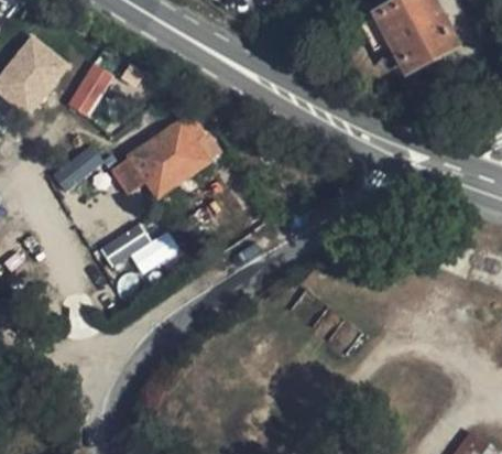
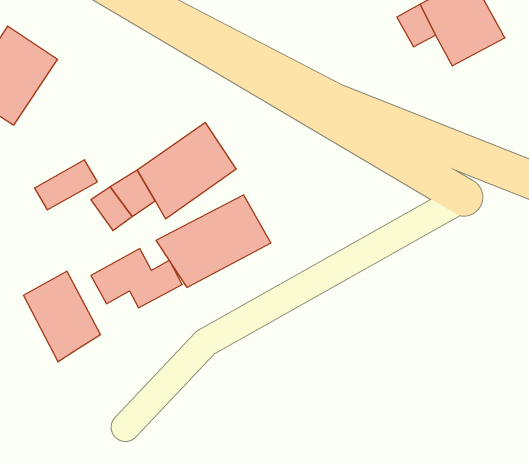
building: [67,61,113,117] -> none
building: none -> [156,195,271,287]
building: none -> [23,271,100,362]

